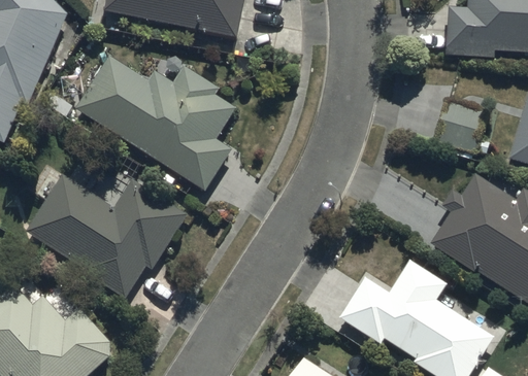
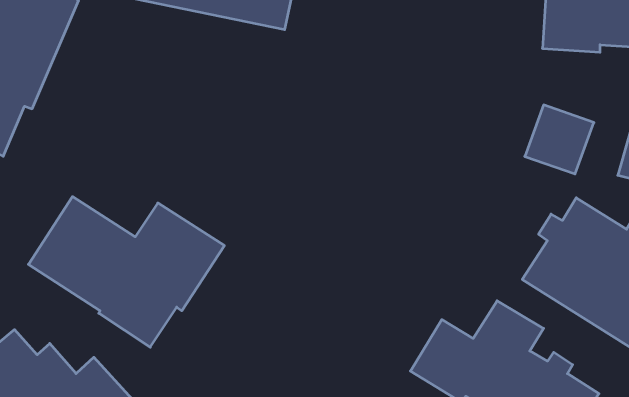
building: [76,56,236,192] -> none

